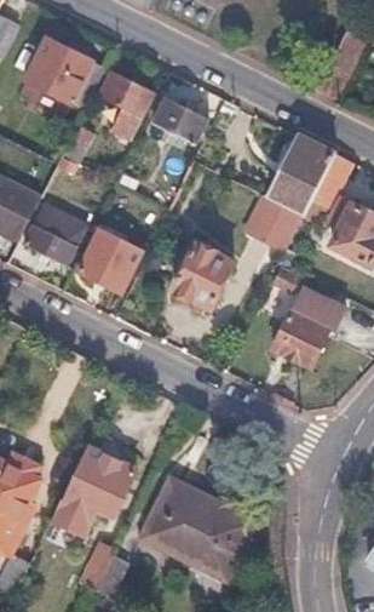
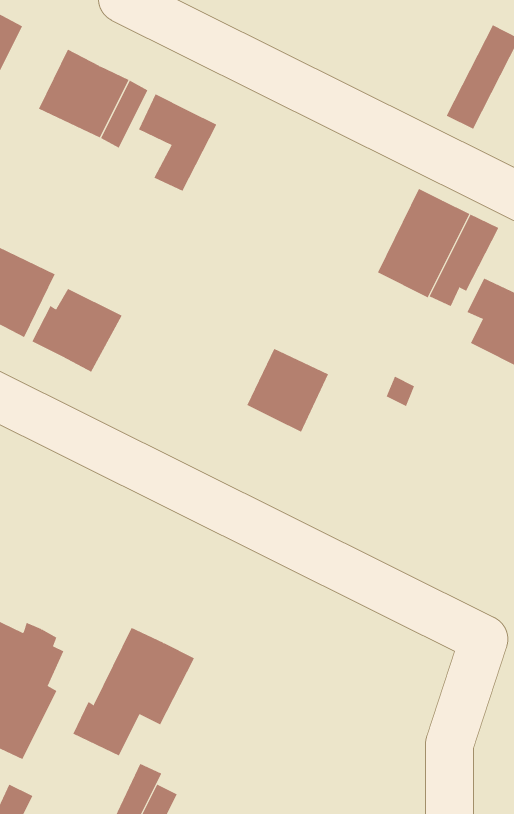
building: [153,97,205,143] -> none
building: [248,194,303,248] -> none
building: [77,229,140,293] -> none
building: [274,290,346,365] -> none
building: [142,474,249,570] -> none

